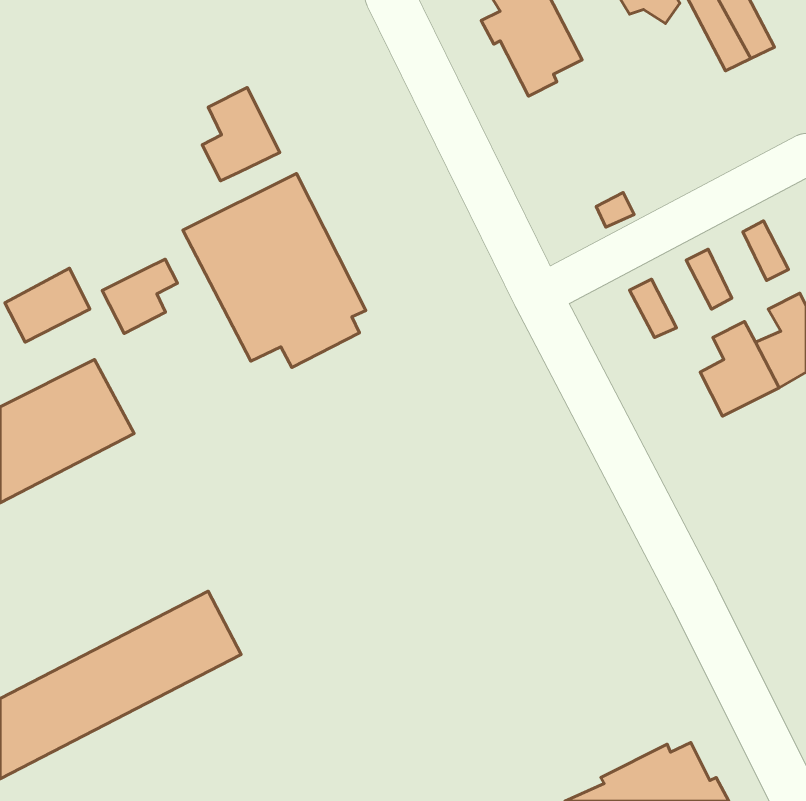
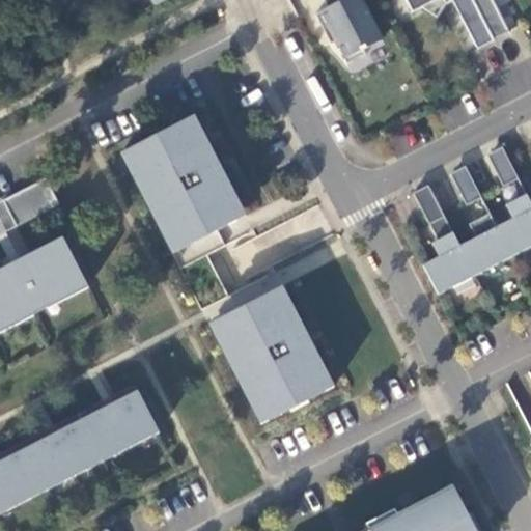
building: [202,88,280,181] -> none
building: [102,259,178,333] -> none
building: none -> [423,230,475,294]
building: none -> [216,290,334,422]

